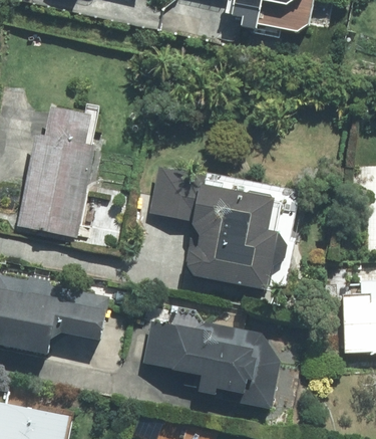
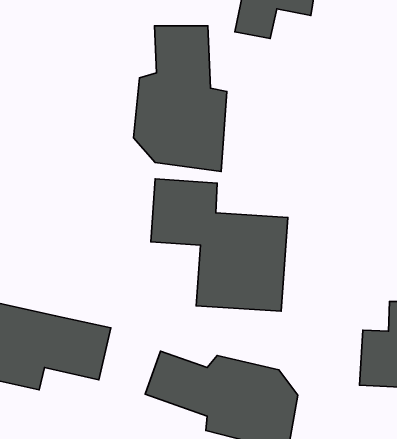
building: none -> [134,26,227,171]
building: [23,111,96,237] -> none

